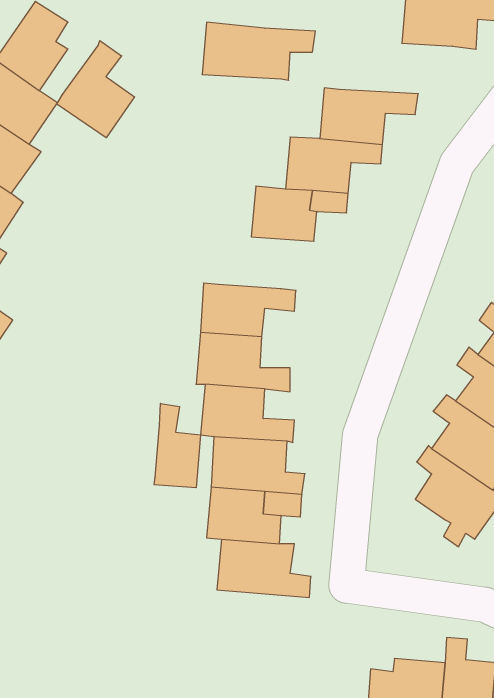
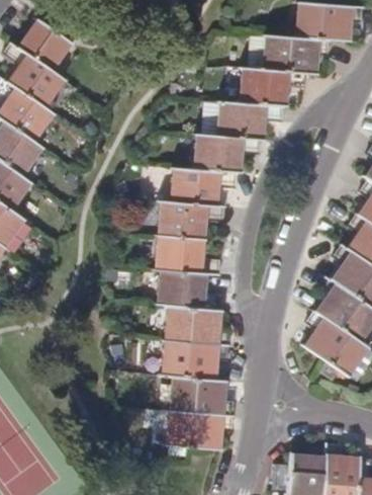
building: [202,22,315,80] -> [254,33,331,73]
building: [57,41,135,138] -> none
building: none -> [172,167,237,204]
building: [154,403,201,488] -> none
building: none -> [169,409,234,448]

